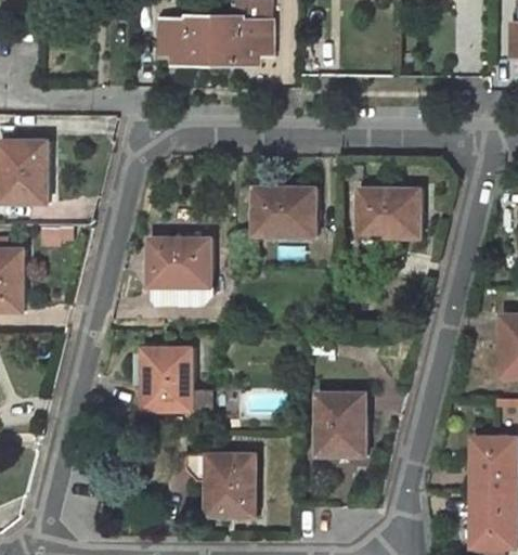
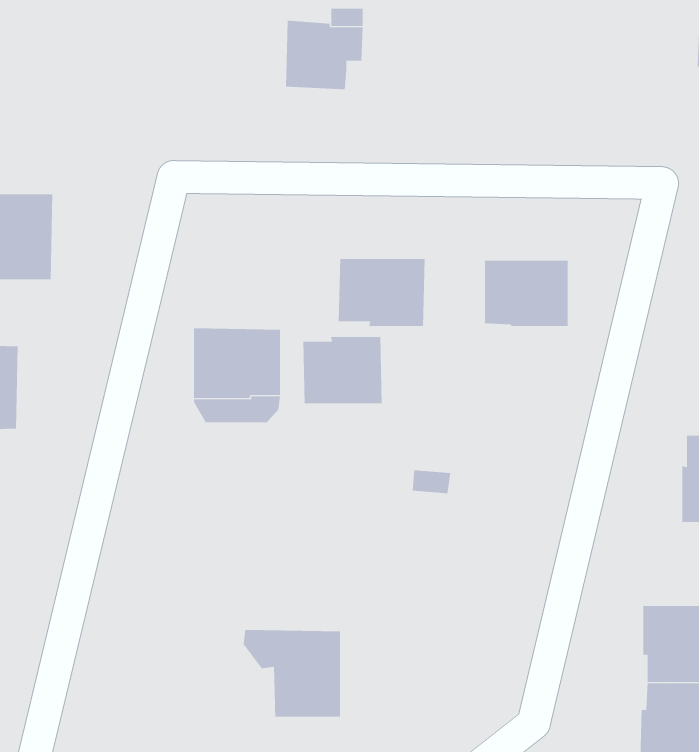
building: [161,15,216,63] -> none
building: none -> [303,336,382,404]
building: [142,348,190,410] -> none
building: [315,393,364,455] -> none

